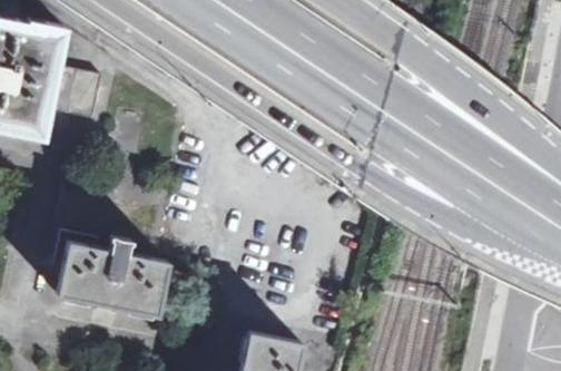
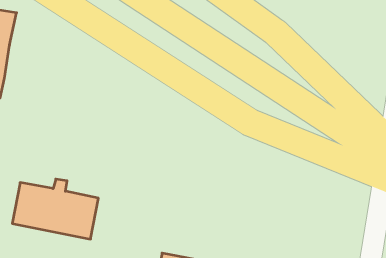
building: [48,67,100,119] -> none

